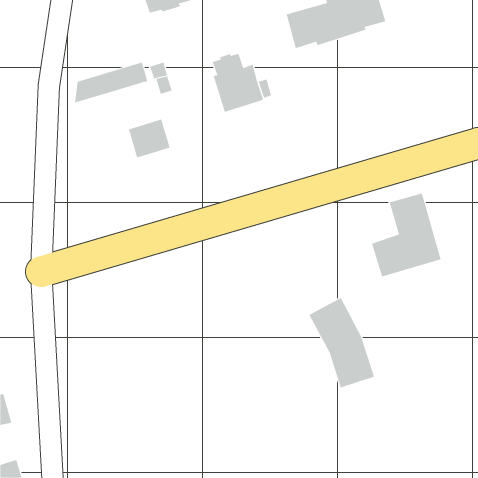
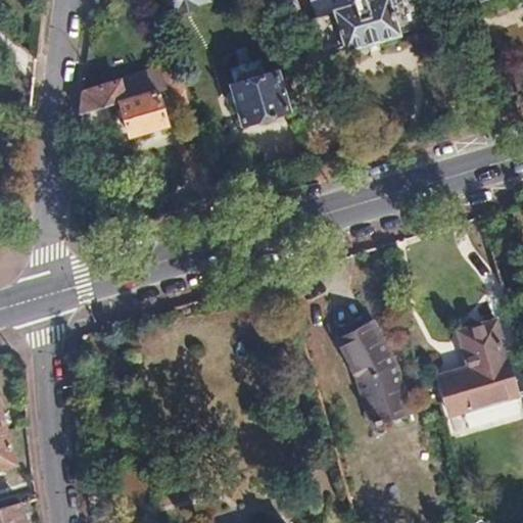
building: [128,119,170,158] -> [120,90,165,133]
building: [371,193,441,277] -> [438,321,515,413]

